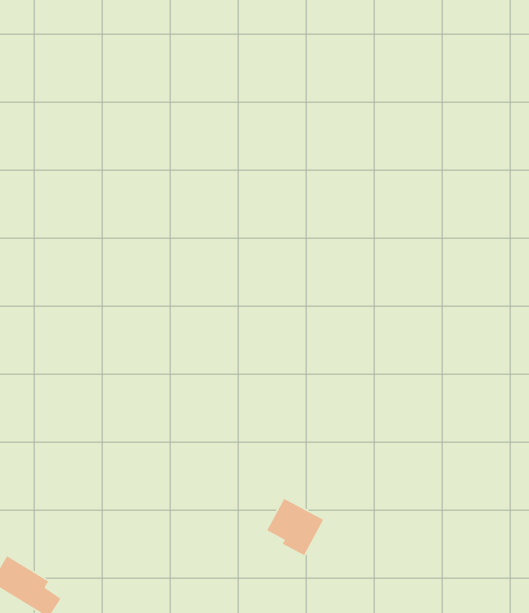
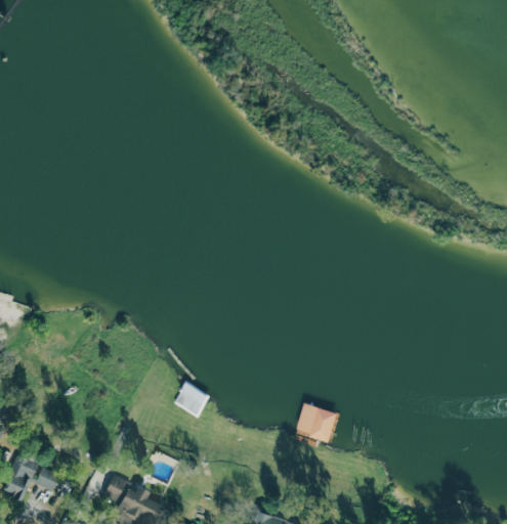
building: none -> [176,381,212,418]

